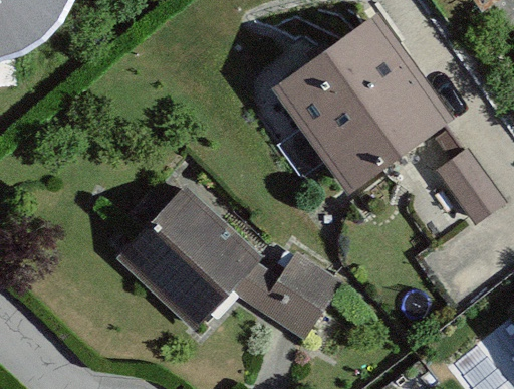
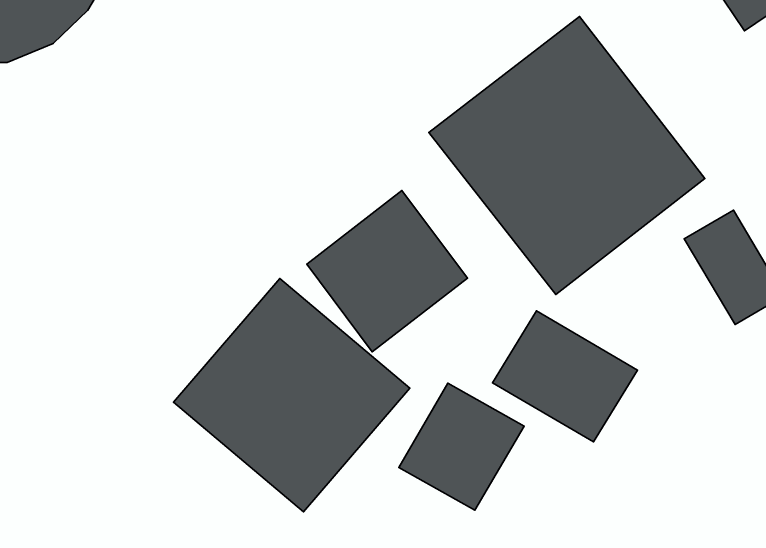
building: none -> [307,191,468,352]
building: none -> [492,311,637,442]

